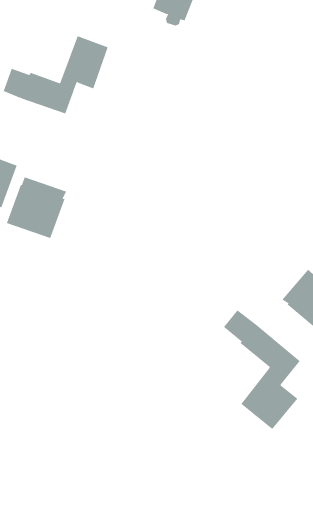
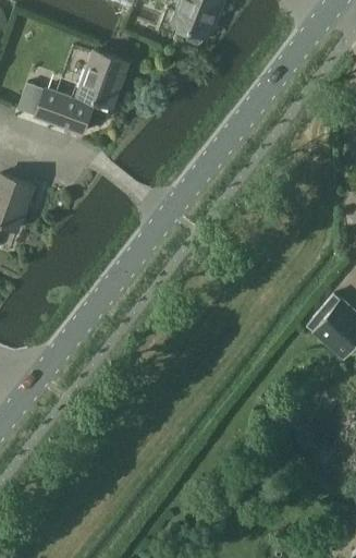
building: [6,176,67,239] -> none
building: [223,310,301,430] -> none

